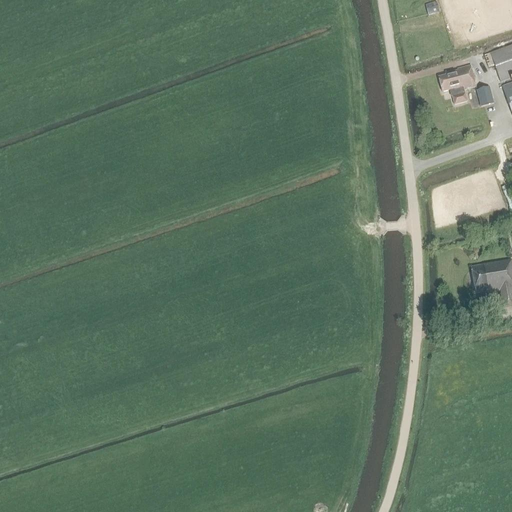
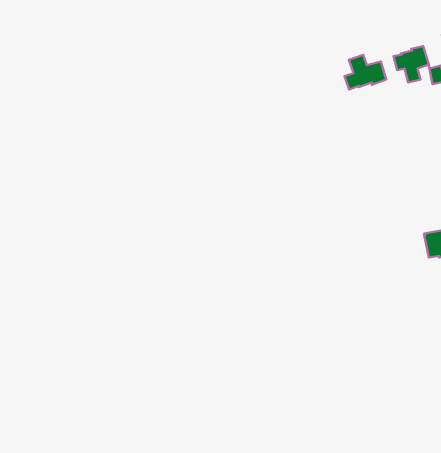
building: none -> [345,55,386,89]

